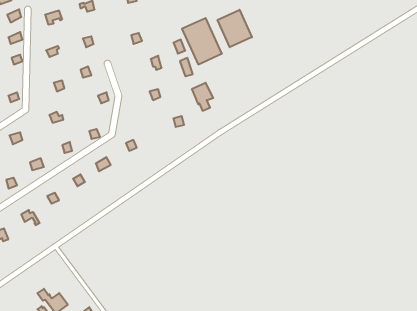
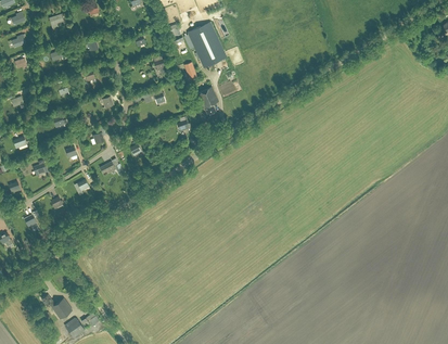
building: [218,10,252,47] -> none

